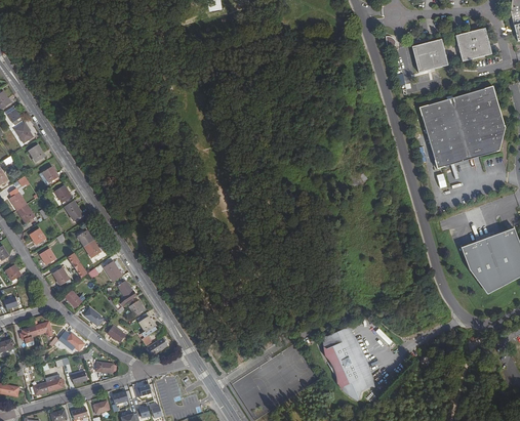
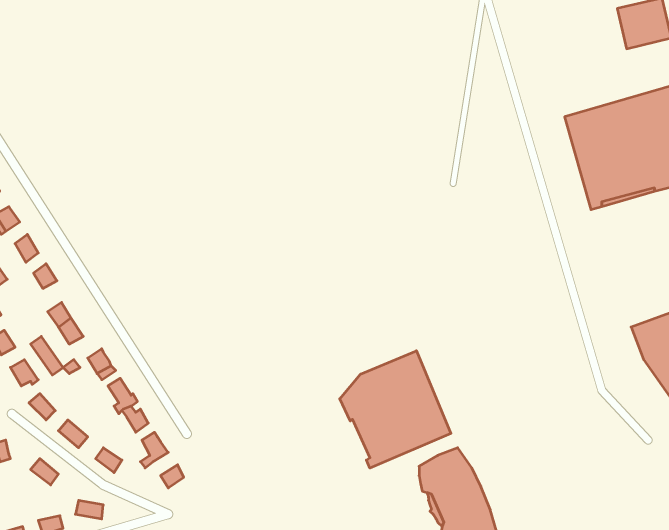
building: [410,39,446,73] -> none
building: none -> [340,351,451,468]

